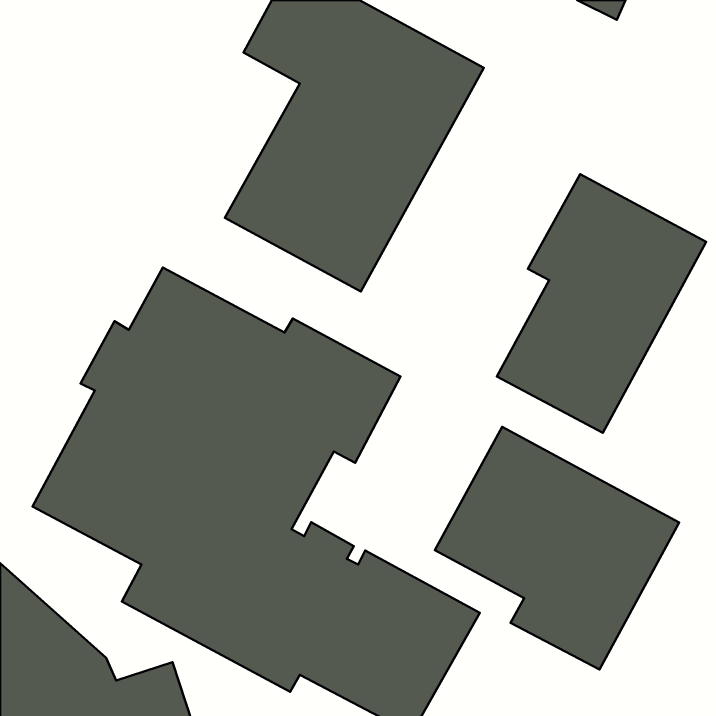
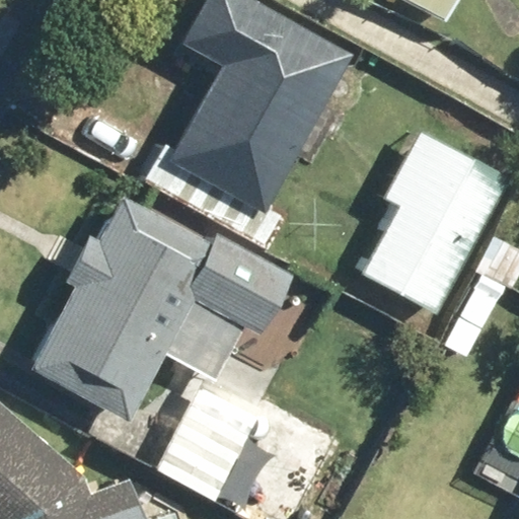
building: [435,427,679,669] -> none

